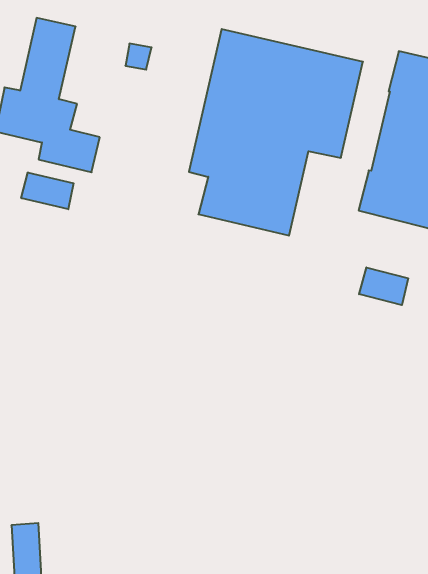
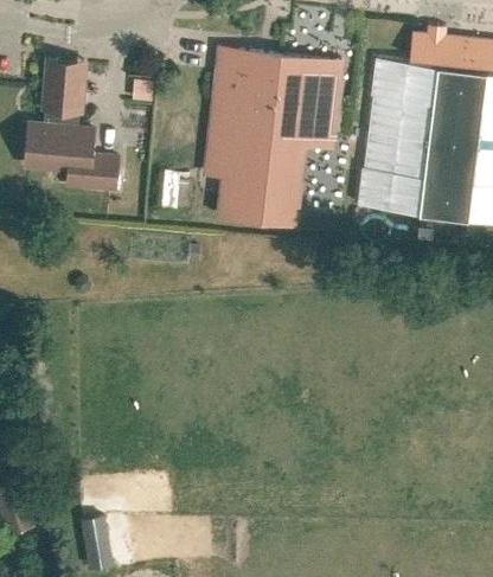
building: [21,172,74,209] -> none
building: [359,267,408,305] -> none

